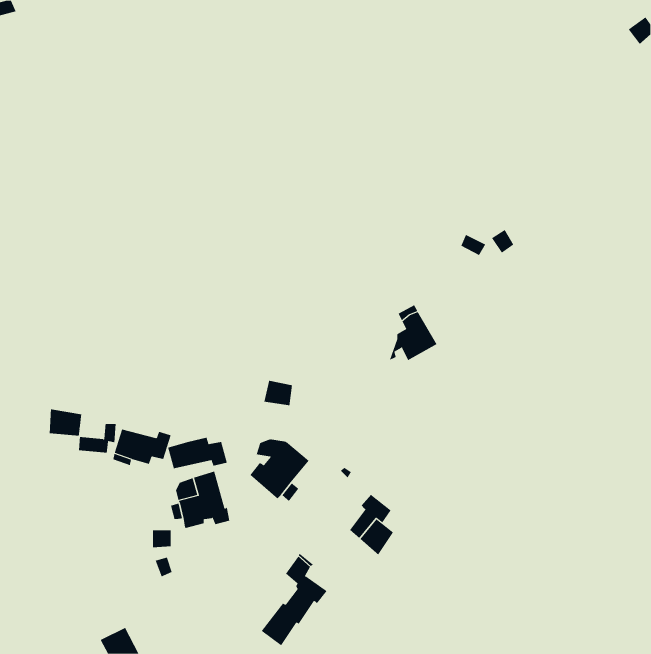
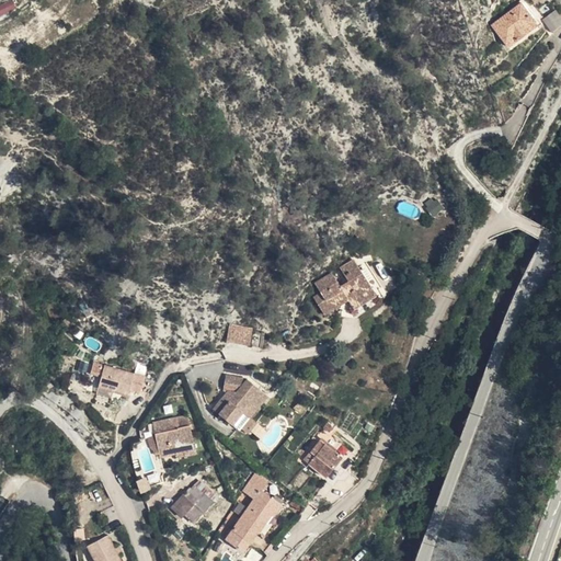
building: none -> [490,8,536,51]
building: none -> [311,272,340,317]
building: [49,409,82,436] -> none
building: [168,437,227,469] -> none
building: none -> [175,480,216,516]

